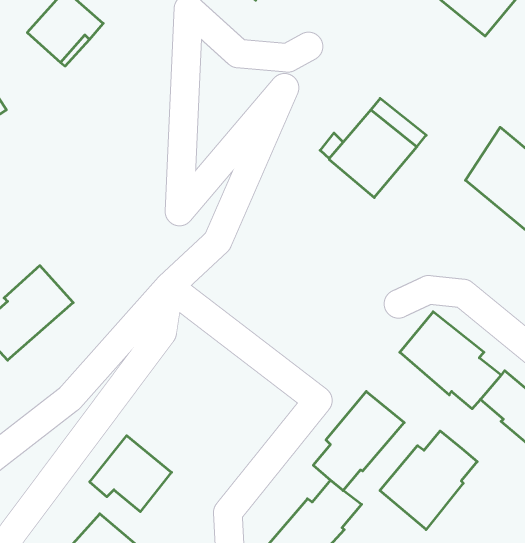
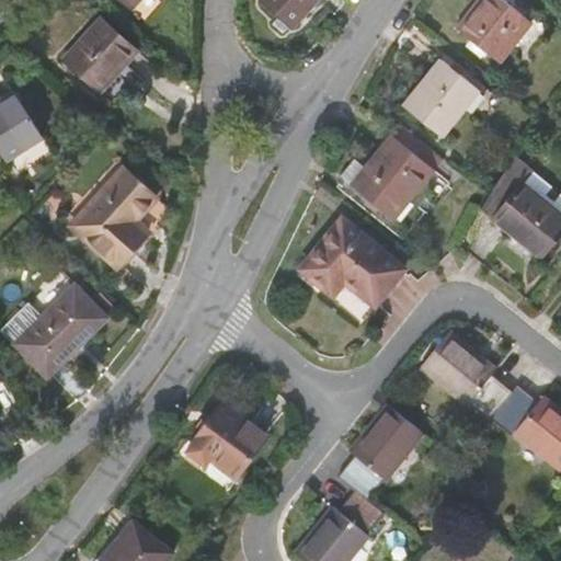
building: none -> [404,62,479,137]
building: none -> [76,171,153,265]
building: none -> [300,220,403,305]
building: [380,431,477,530] -> none
building: [90,436,172,512] -> [192,403,270,476]

